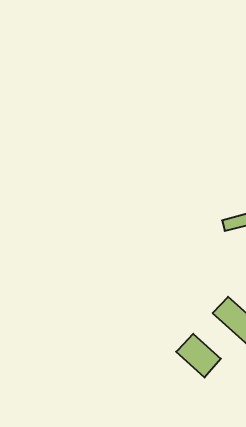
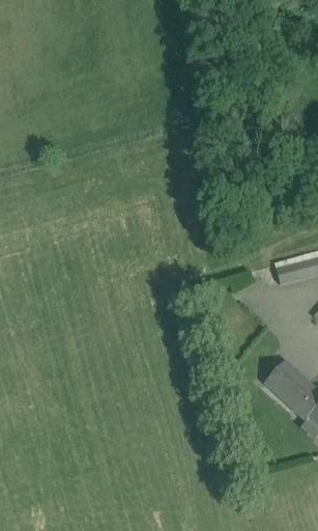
building: [176,334,221,378] -> none

